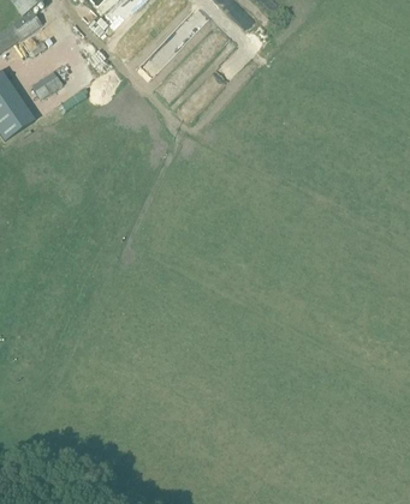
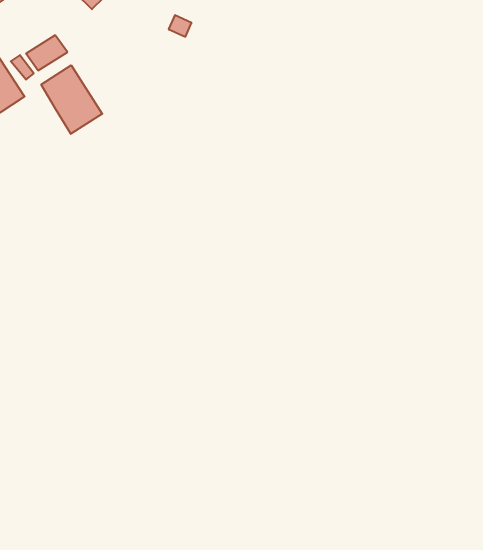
building: none -> [41,65,102,134]

